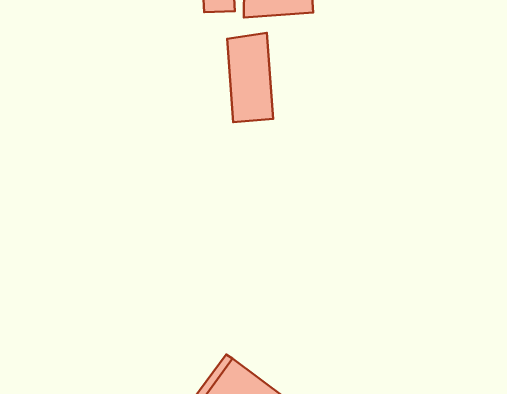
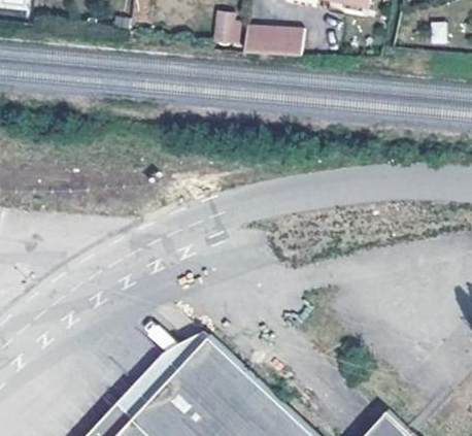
building: [227,33,273,122] -> none

